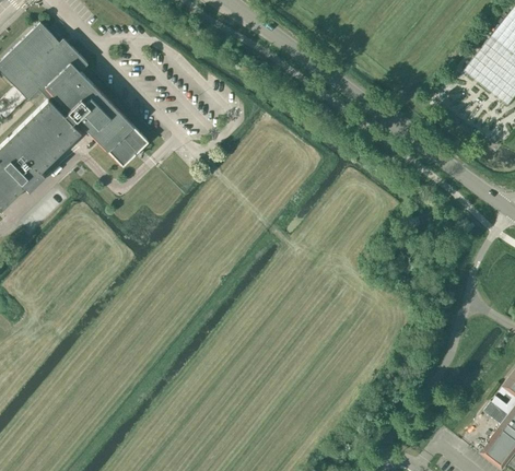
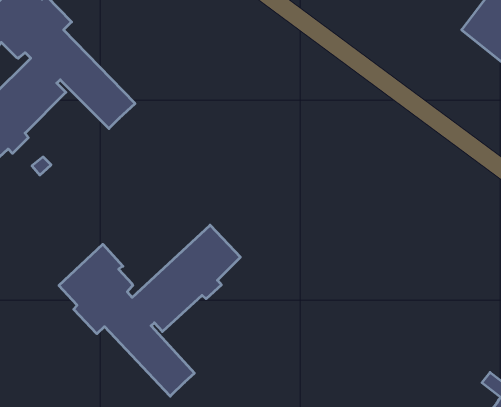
building: none -> [59,225,240,396]

